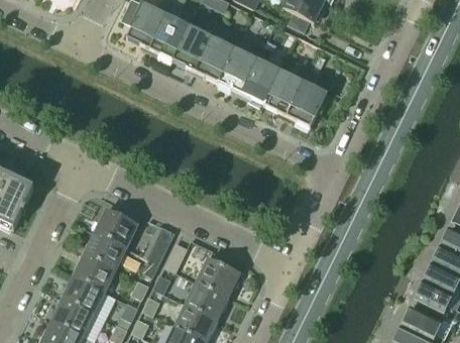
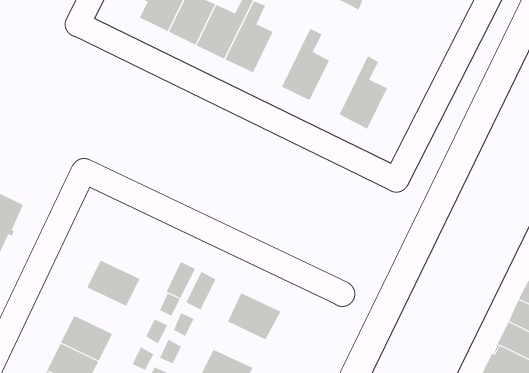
building: [218,42,263,94] -> none
building: [263,65,310,116] -> none
building: [95,206,141,248] -> none
building: [74,255,116,293] -> none
building: [186,282,228,320] -> none

